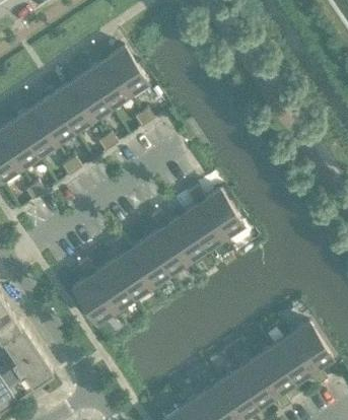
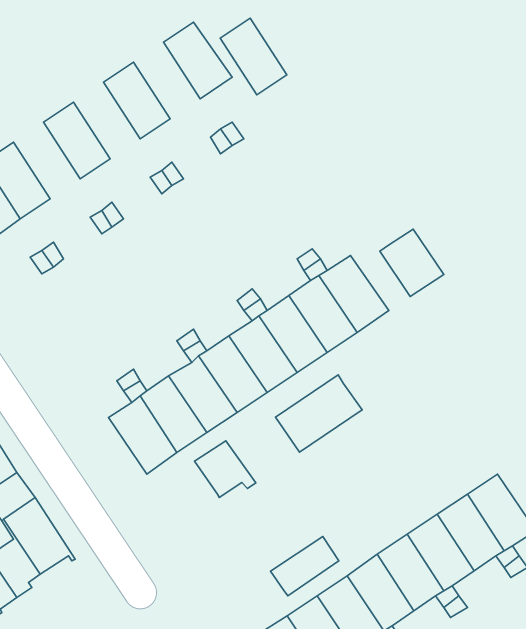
building: [87,61,128,108] -> [220,18,287,95]
building: [51,85,91,132] -> none
building: [14,110,55,156] -> none
building: none -> [380,229,444,297]
building: none -> [275,375,362,452]
building: none -> [195,441,256,497]
building: none -> [270,537,339,596]

